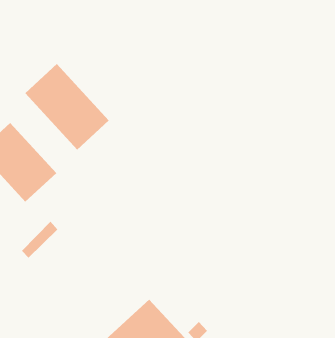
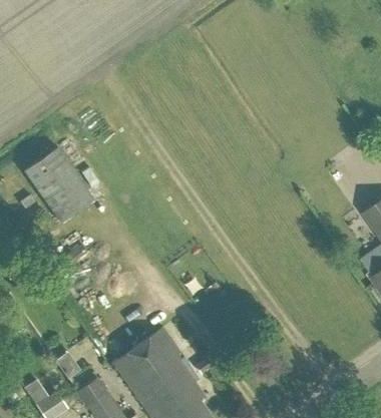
building: [24,63,110,150] -> none

